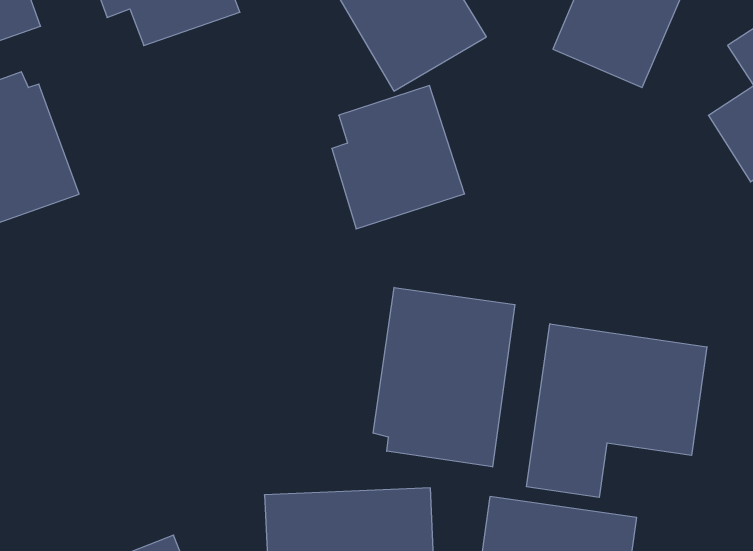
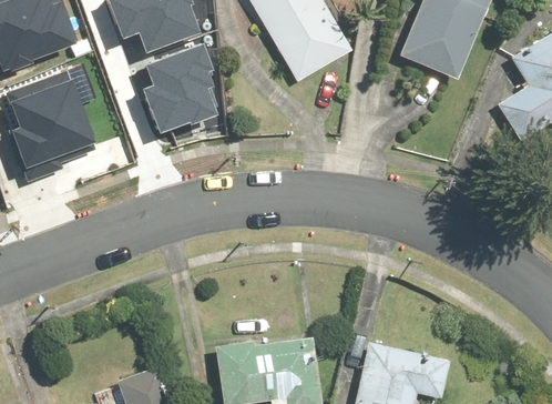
building: [332,86,465,229] -> [139,46,223,137]
building: [373,287,515,467] -> none
building: [527,324,707,497] -> none

